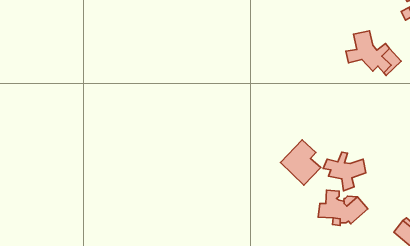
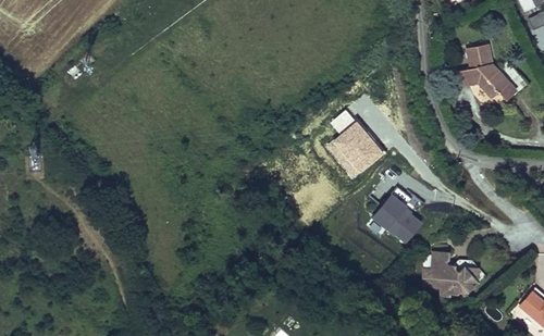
building: none -> [324,109,384,179]
building: [323,152,366,191] -> none

